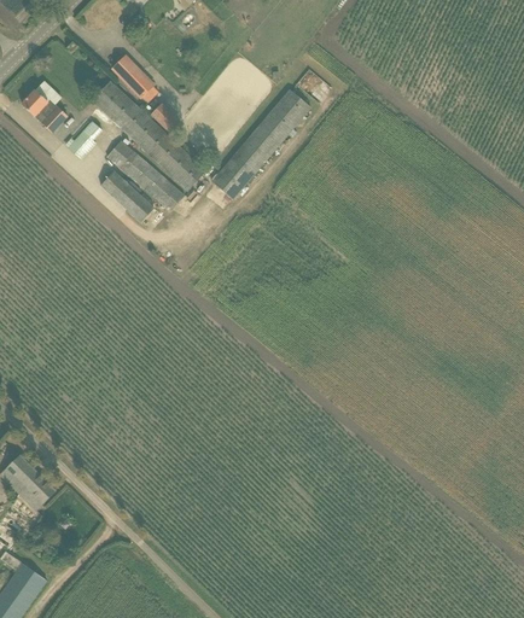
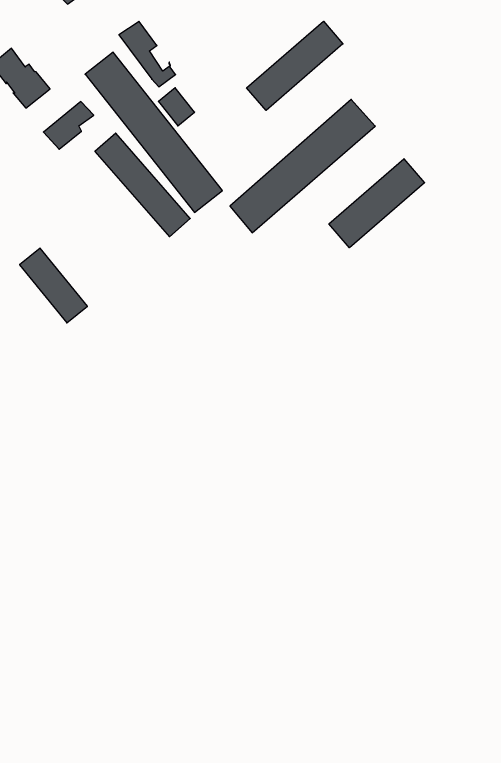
building: none -> [247,21,343,110]
building: none -> [329,159,425,248]
building: [100,170,155,222] -> [20,248,87,323]

